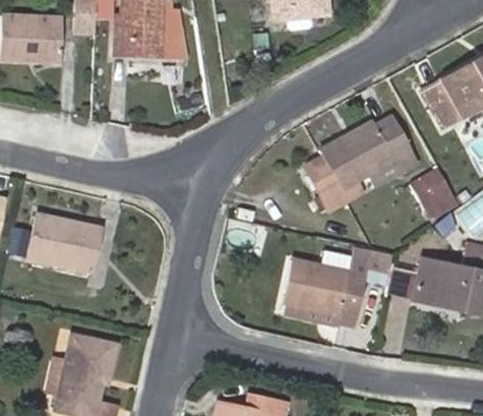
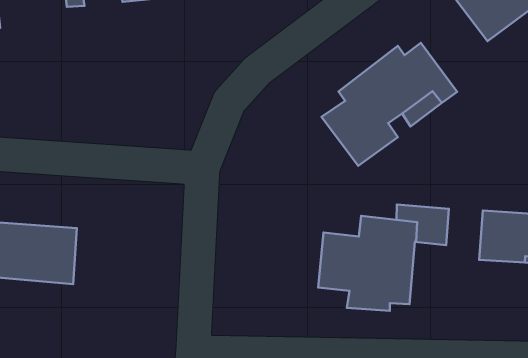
building: [417,174,462,224] -> none

